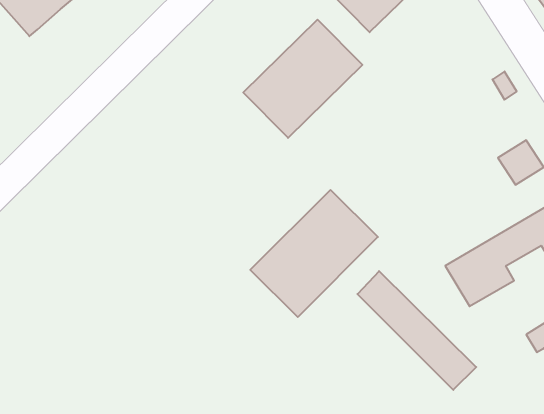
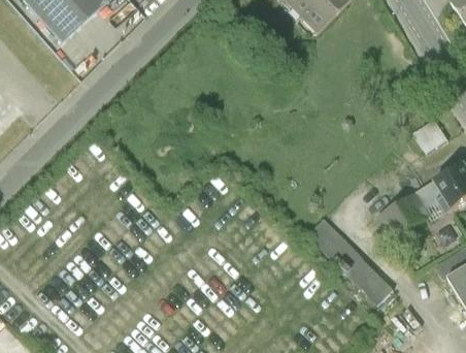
building: [243,20,362,138] -> none
building: [250,190,378,317] -> none

